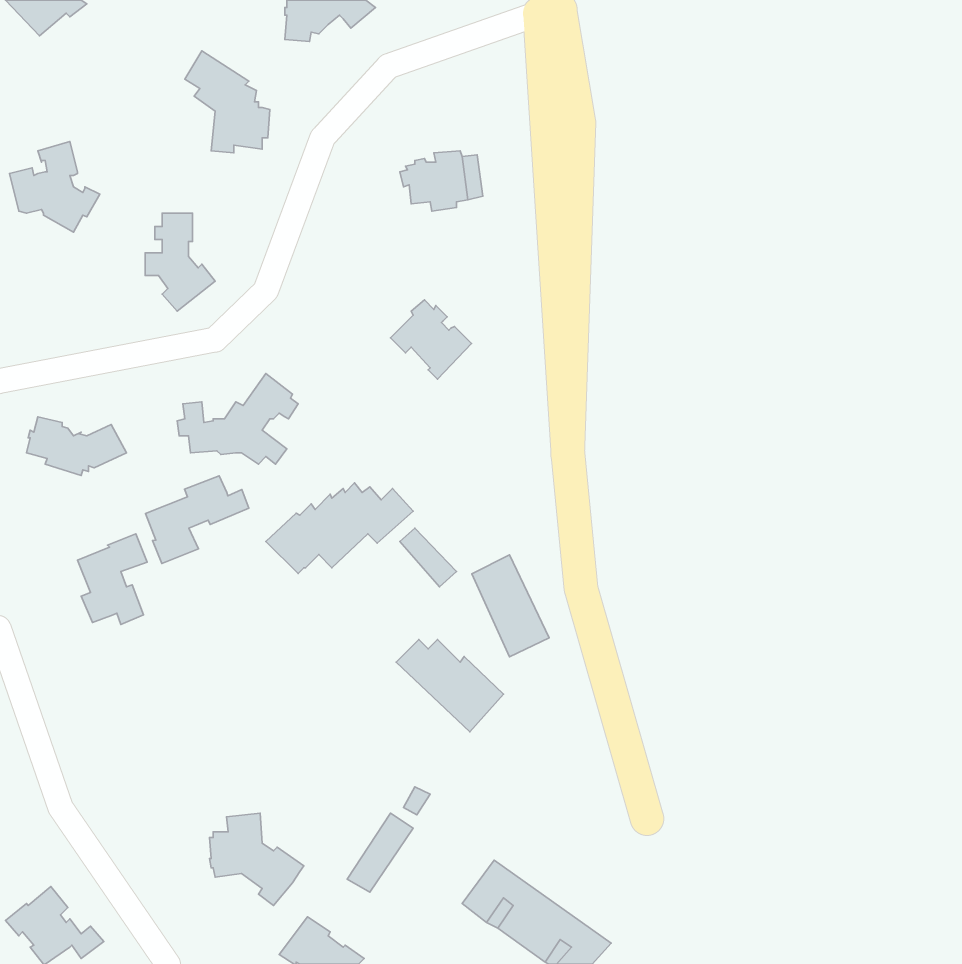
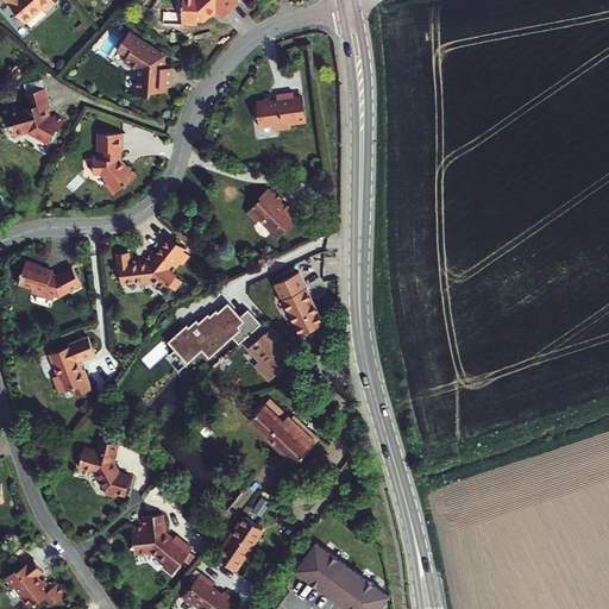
building: [146,476,249,564] -> none
building: [472,555,549,657] -> [274,271,322,335]
building: none -> [79,438,131,496]

